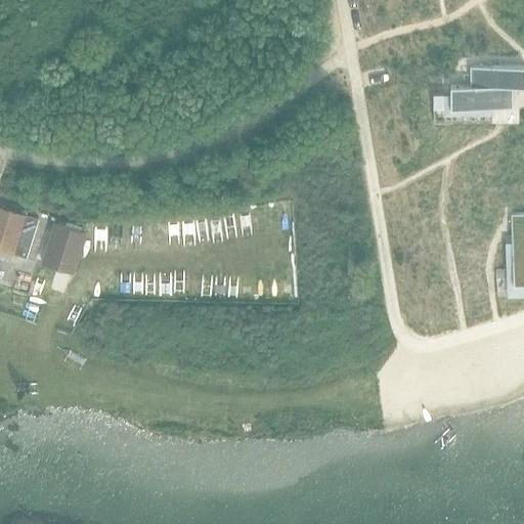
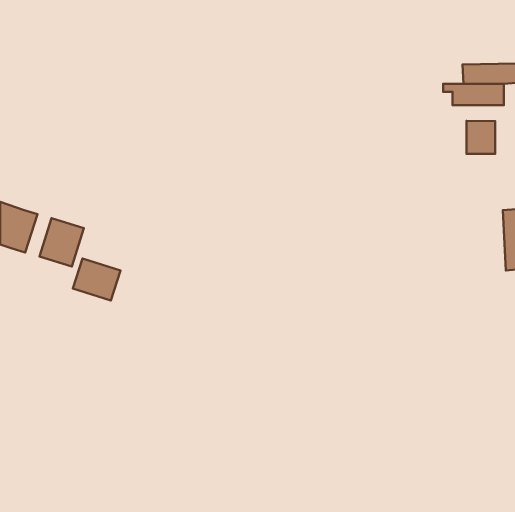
building: none -> [467,121,495,154]
building: none -> [73,258,120,301]

